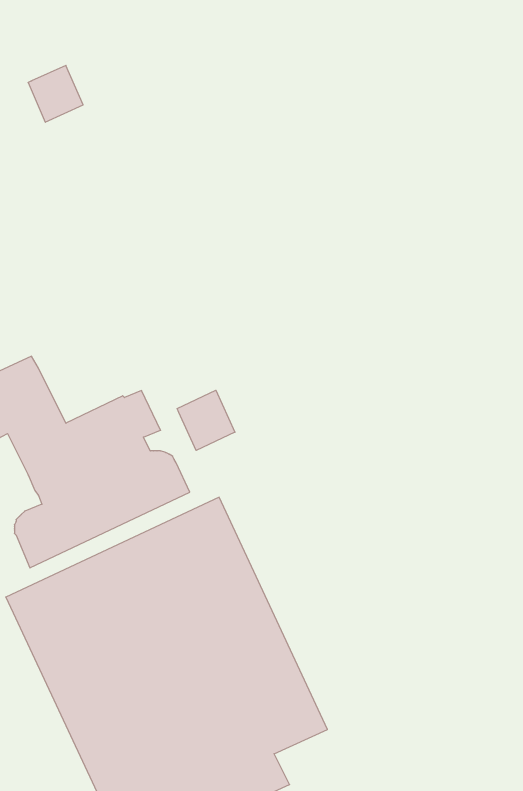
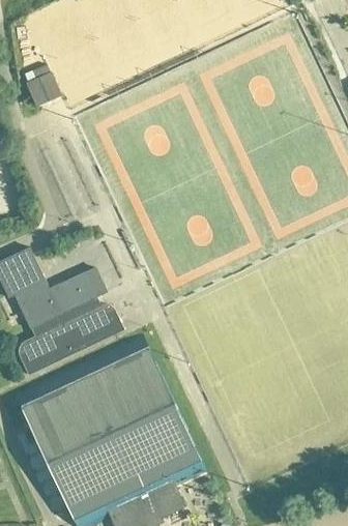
building: [177,390,235,450] -> none

